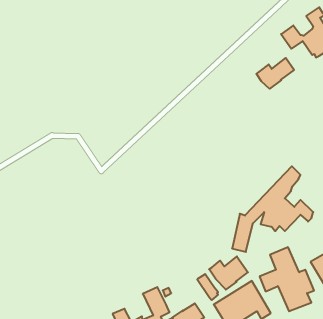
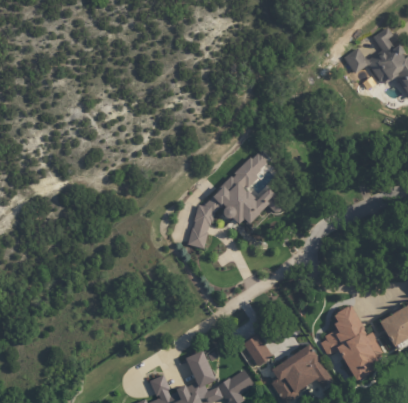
building: [256,58,294,89] -> none
building: [232,166,313,252] -> [188,149,282,248]
building: [209,256,248,290] -> none

